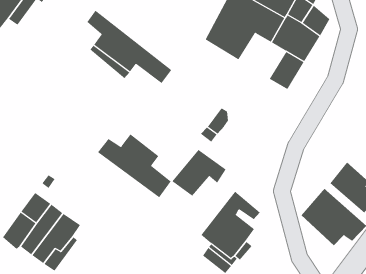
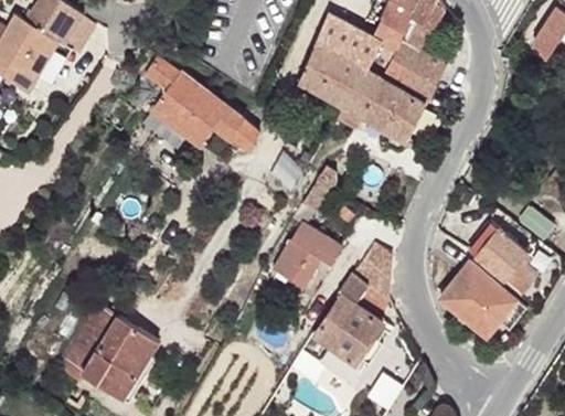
building: none -> [341,72,401,129]
building: [97,134,172,198] -> none
building: none -> [350,248,386,302]

